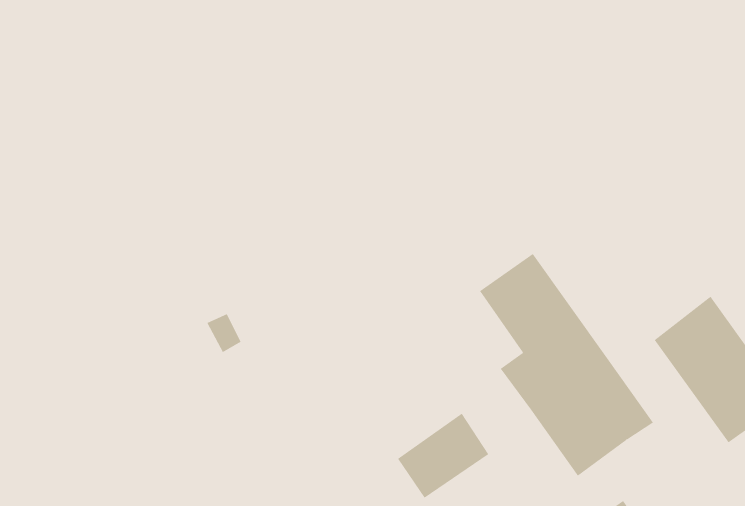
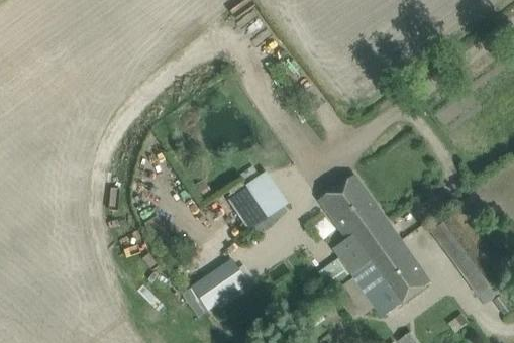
building: none -> [230,173,288,227]
building: [397,413,489,498] -> [191,257,249,312]

